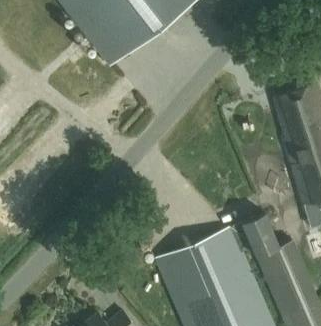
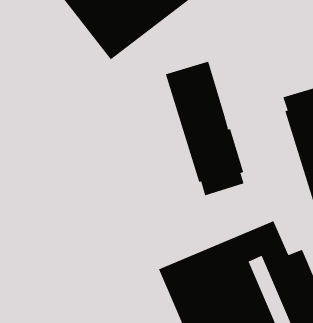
building: none -> [165,61,244,196]

